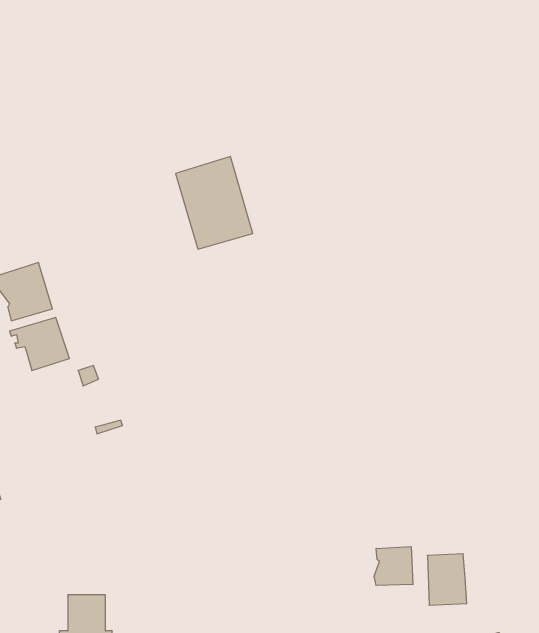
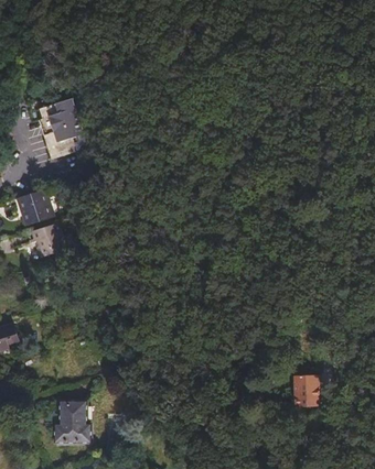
building: [176,156,253,249] -> [35,98,85,157]
building: [374,547,413,585] -> none

